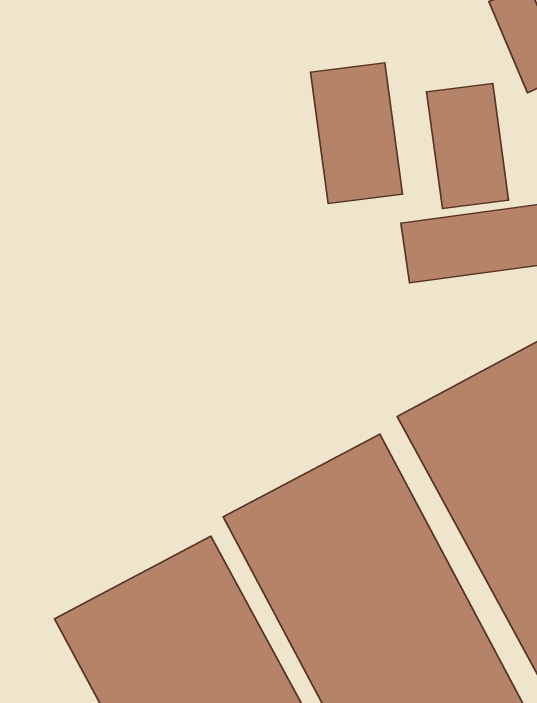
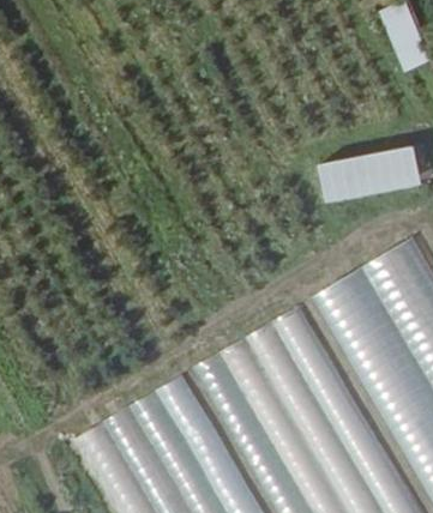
building: [310,63,403,204] -> none
building: [427,83,509,209] -> none

